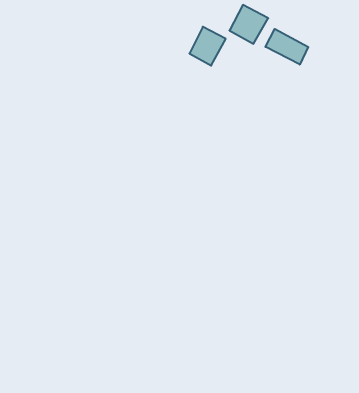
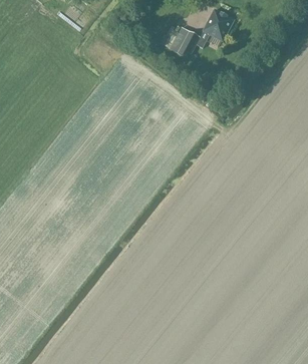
building: [265,29,308,65] -> none

